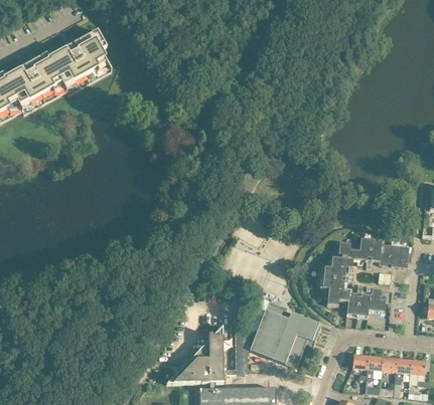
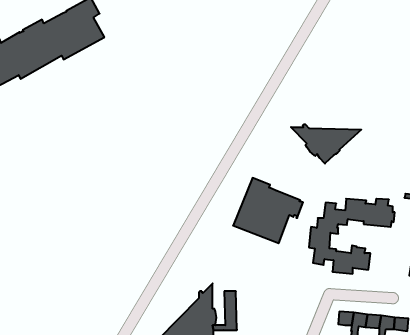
building: none -> [291,124,361,164]
building: [249,299,321,367] -> [233,178,303,243]

